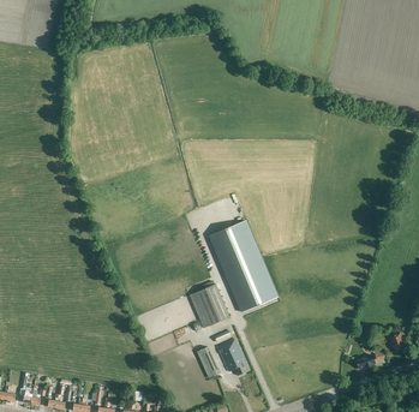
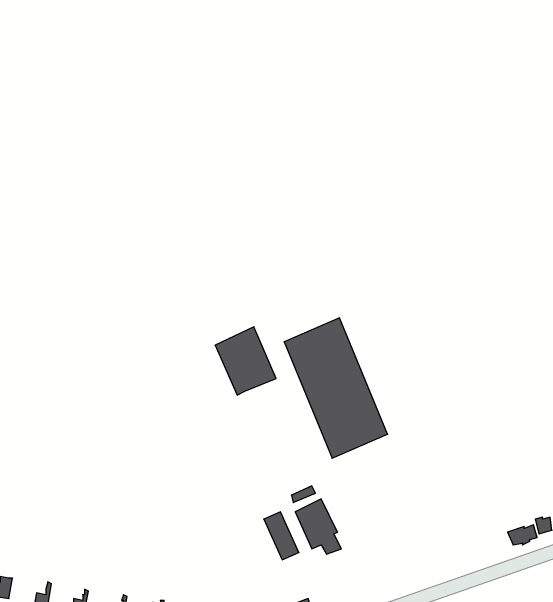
building: [190,282,229,327] -> [215,327,276,395]

